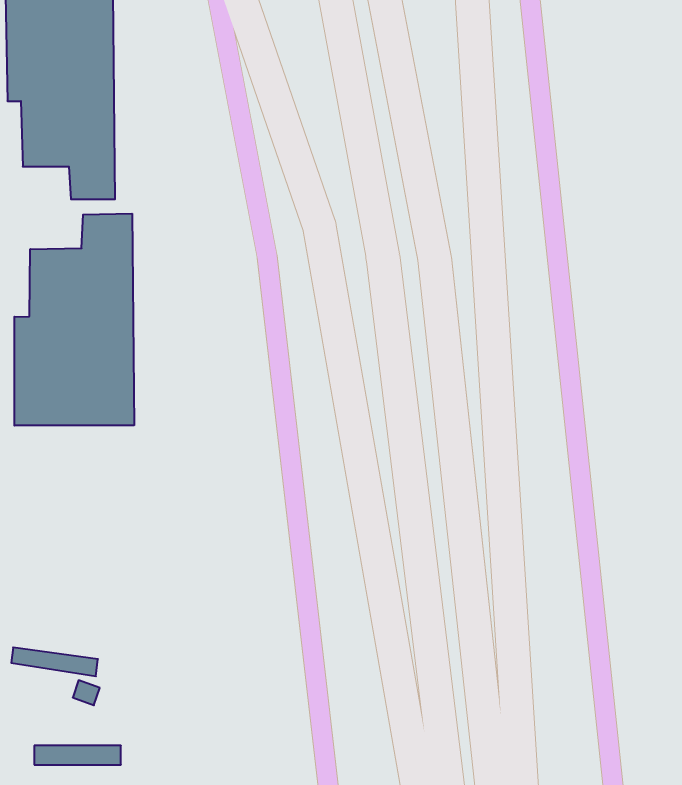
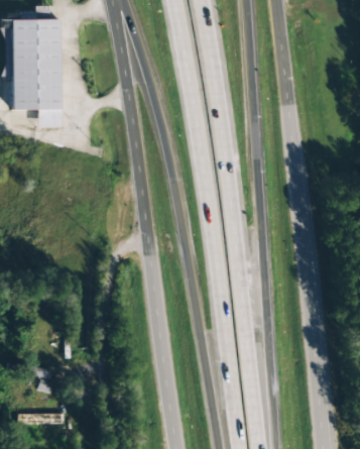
building: [14,214,134,426] -> none

